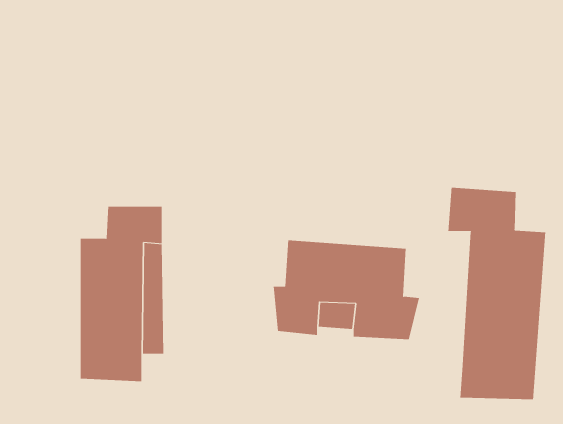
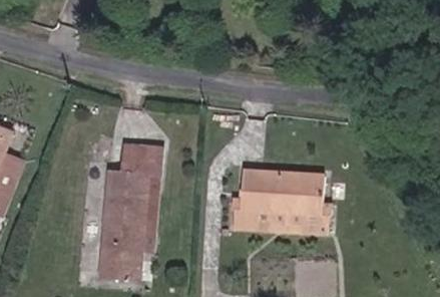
building: [448,187,546,400] -> none

